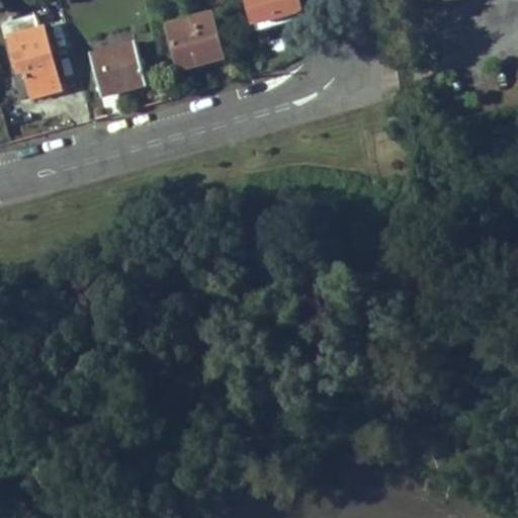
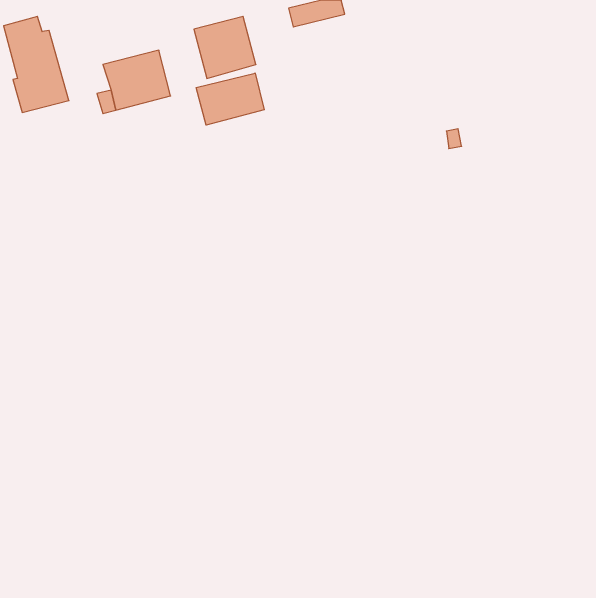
building: none -> [196,73,264,125]

